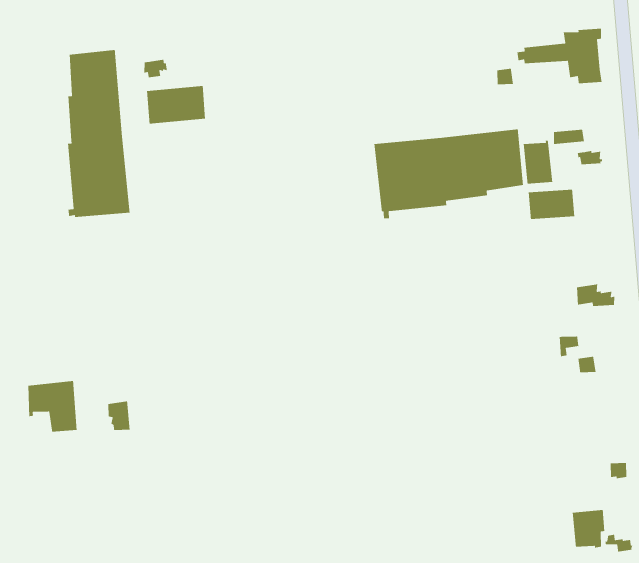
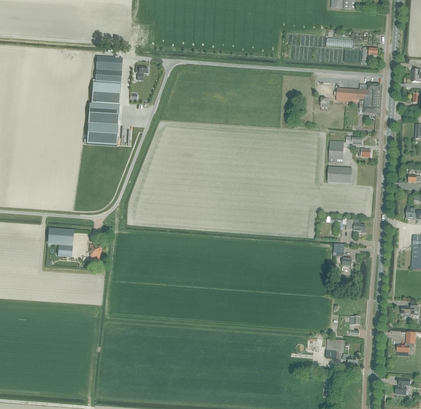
building: [146,85,206,124] -> none
building: [373,128,524,219] -> none

